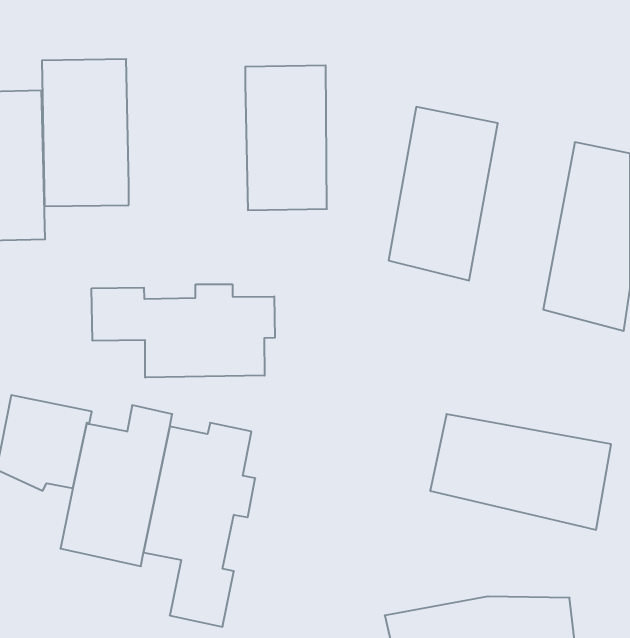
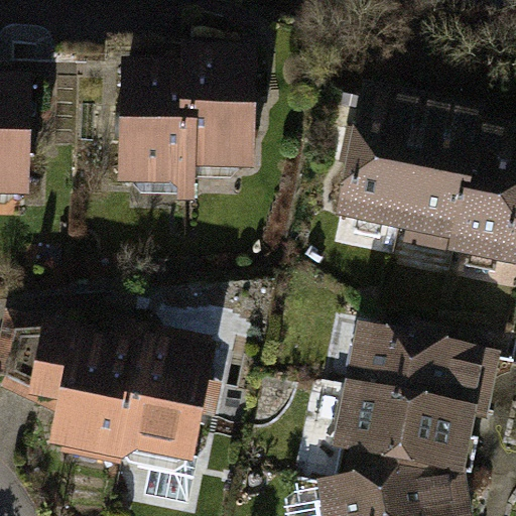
building: [42,59,129,206] -> [129,72,199,189]
building: none -> [374,103,461,252]
building: [92,284,275,378] -> none
building: none -> [331,397,466,483]

